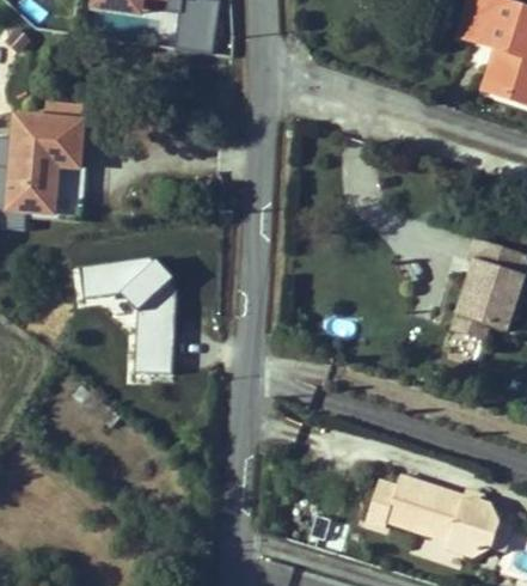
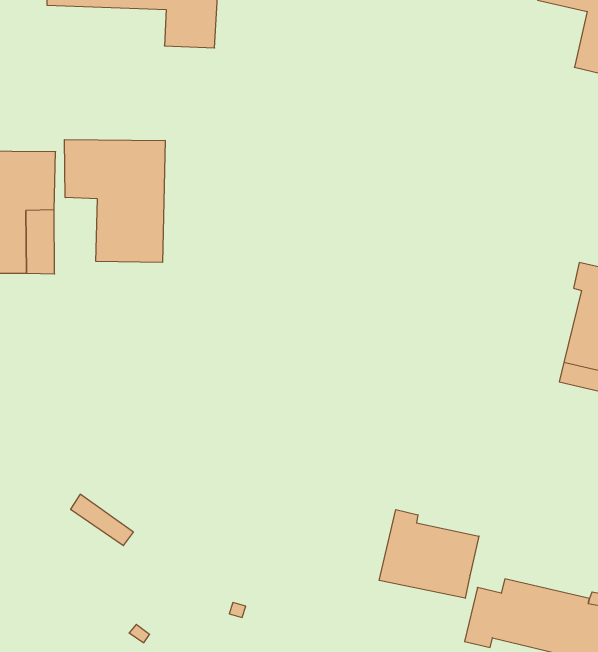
building: none -> [64,140,165,262]
building: [80,260,173,378] -> none
building: none -> [379,510,479,598]

